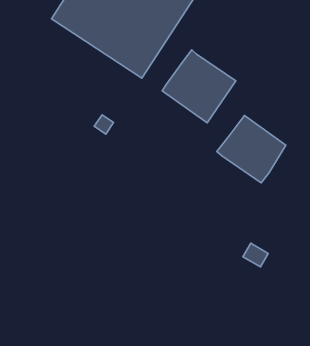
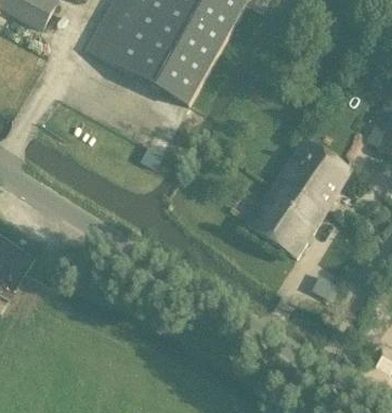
building: [162,50,236,123] -> [247,179,326,257]

